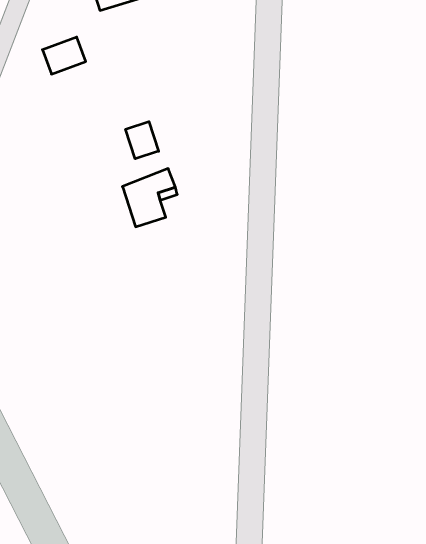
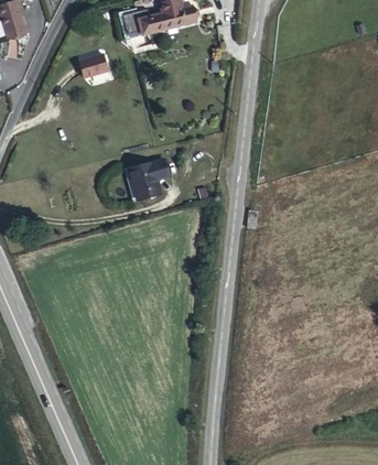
building: [126,122,159,159] -> none

